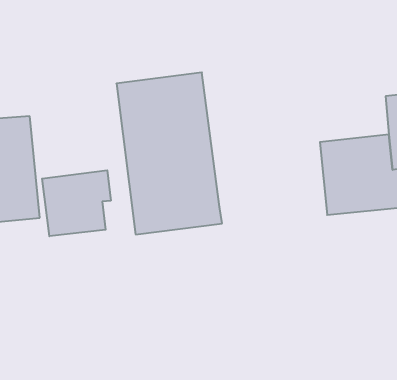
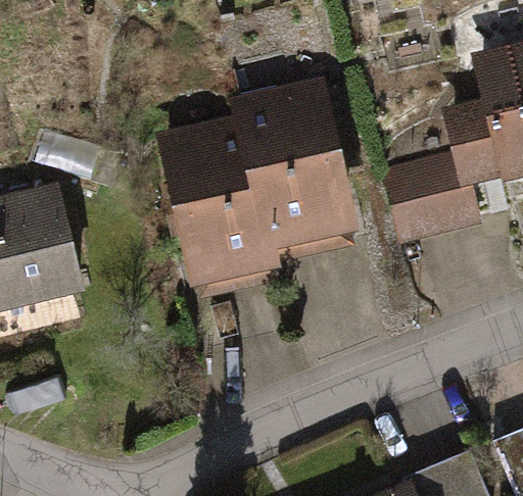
building: none -> [237,73,363,253]
building: [42,170,111,236] -> none

